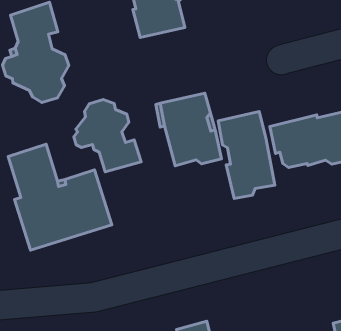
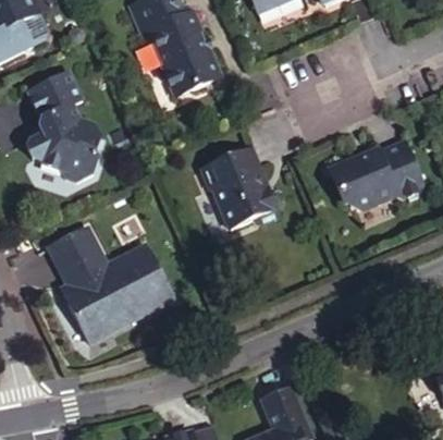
building: [74,99,141,172] -> none
building: [218,112,275,199] -> none

